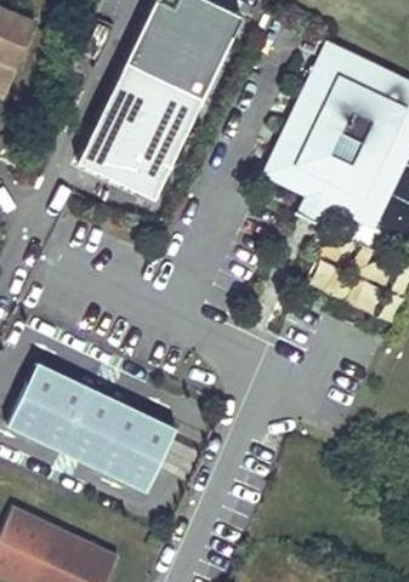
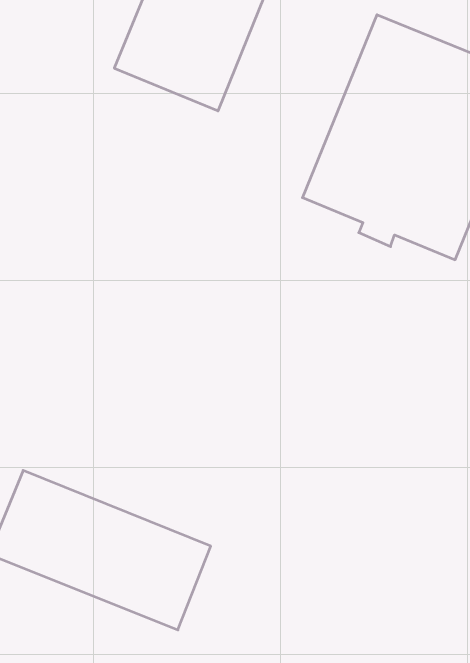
building: [78,67,203,204] -> none

